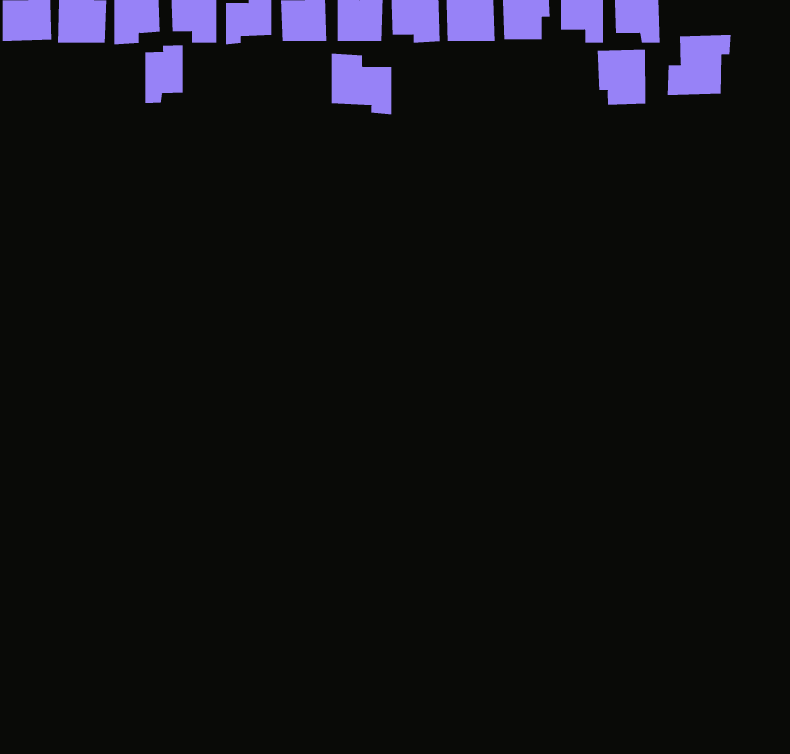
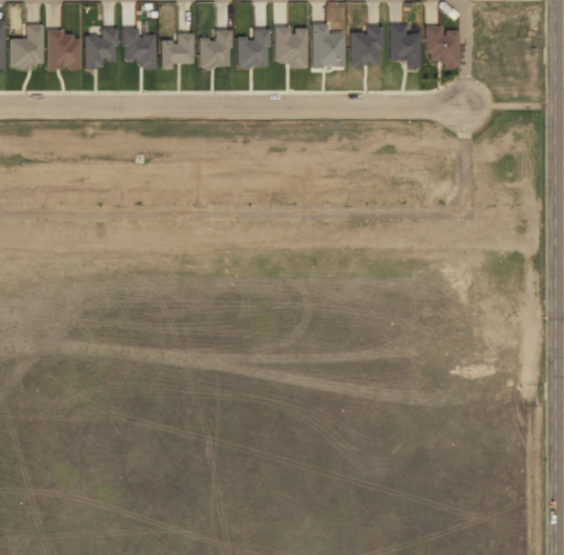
building: [667,34,731,96] -> none
building: [145,45,183,104] -> none
building: [597,49,646,106] -> none
building: [331,53,392,115] -> none

